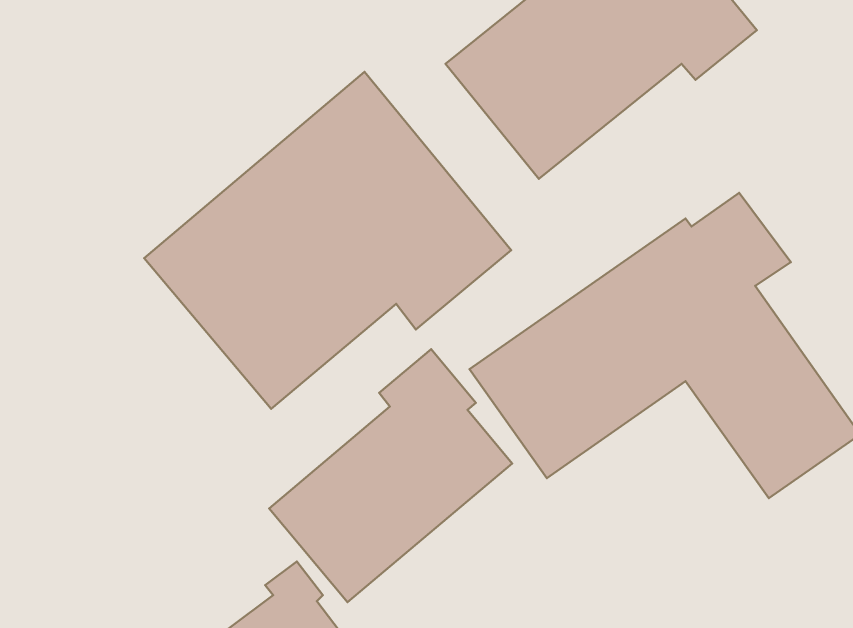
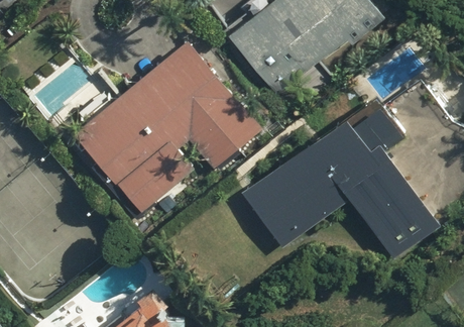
building: [269,349,512,602] -> none

